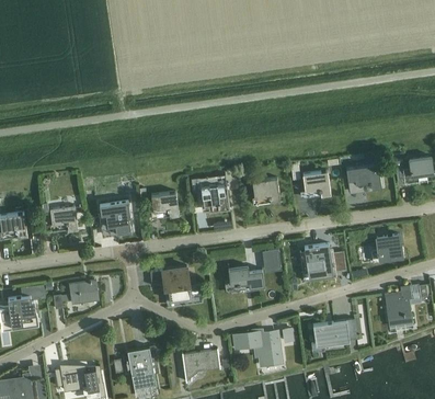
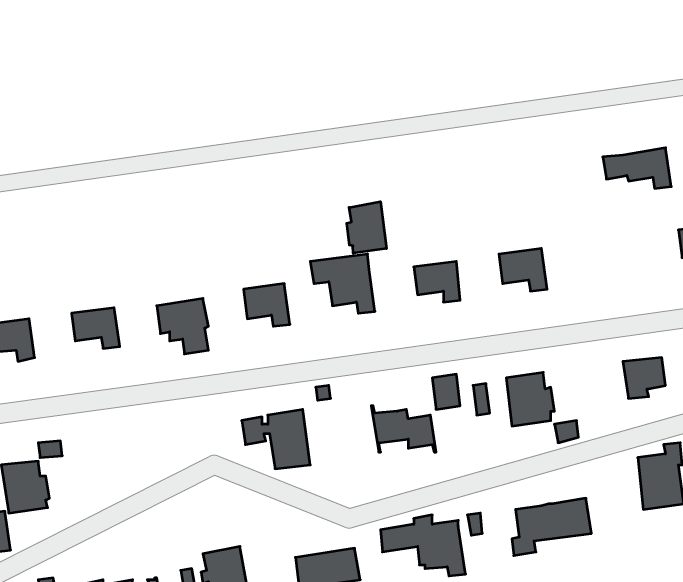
building: none -> [347,202,386,253]
building: [341,164,381,189] -> [603,148,671,188]
building: [54,281,99,310] -> none

